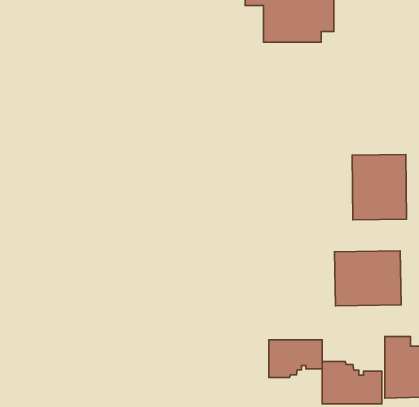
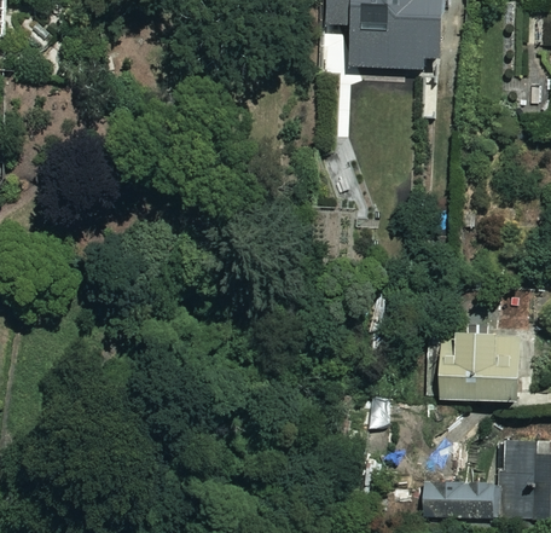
building: [352,154,407,220] -> none
building: [269,340,322,377] -> none

